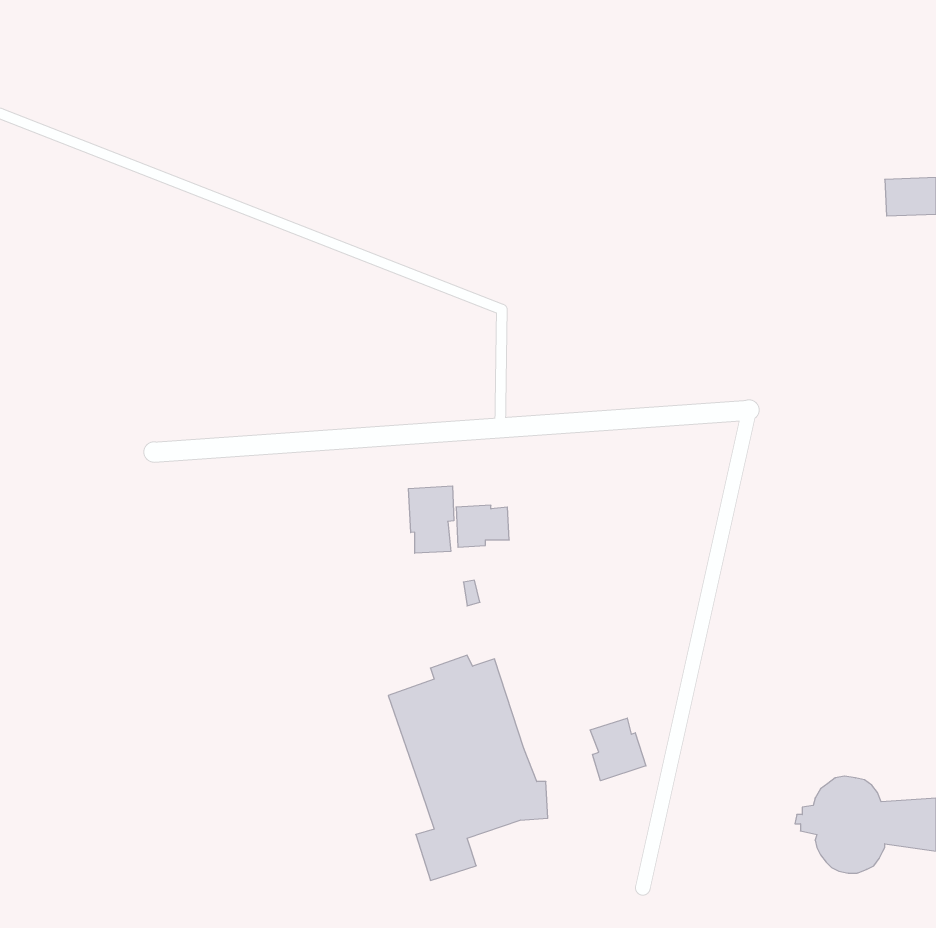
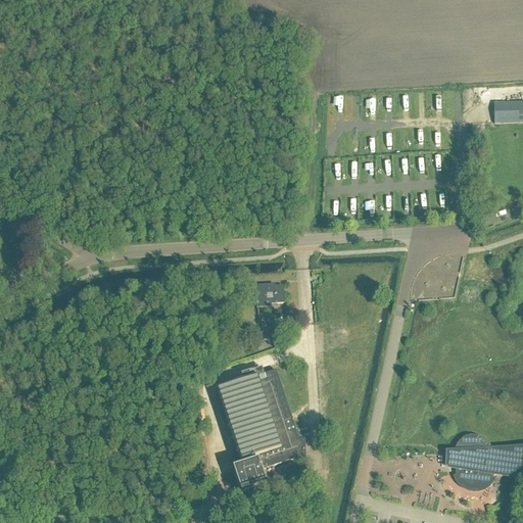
building: [408,486,454,553] -> none
building: [590,718,646,781] -> none

